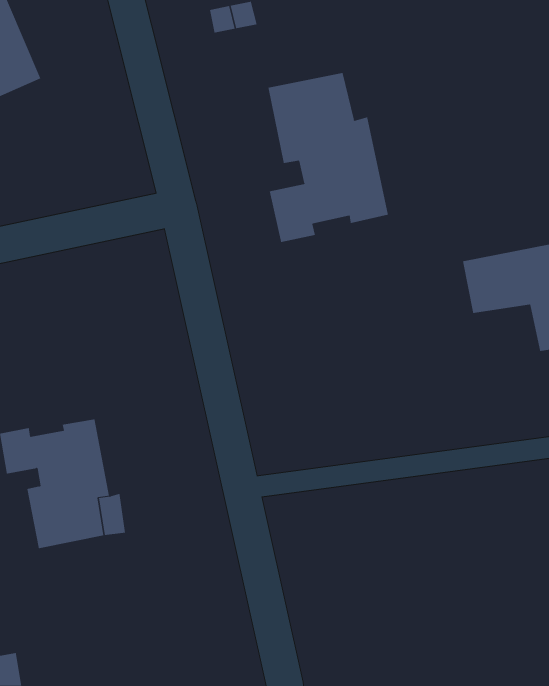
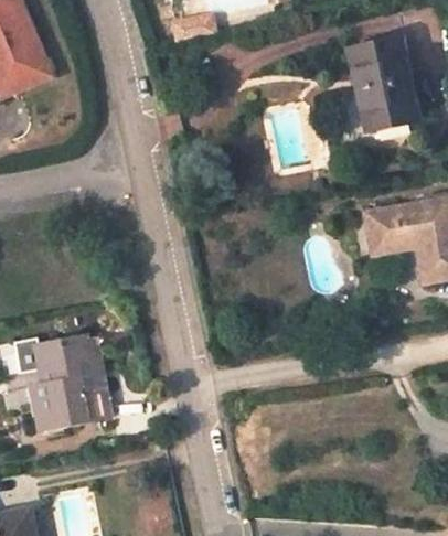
building: none -> [348,39,416,130]
building: [268,72,388,243] -> none

